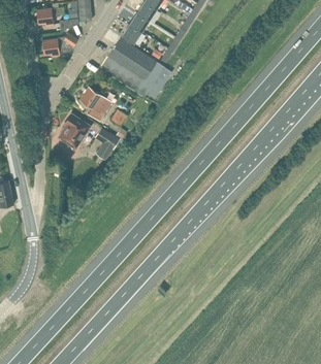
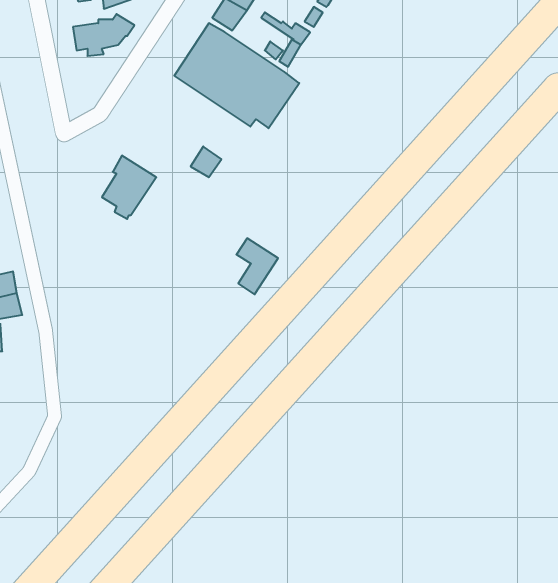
building: [79,87,111,121] -> none
building: [95,128,119,160] -> [236,238,278,294]

